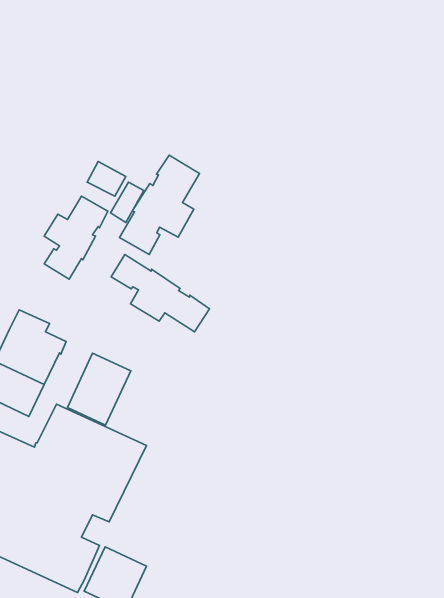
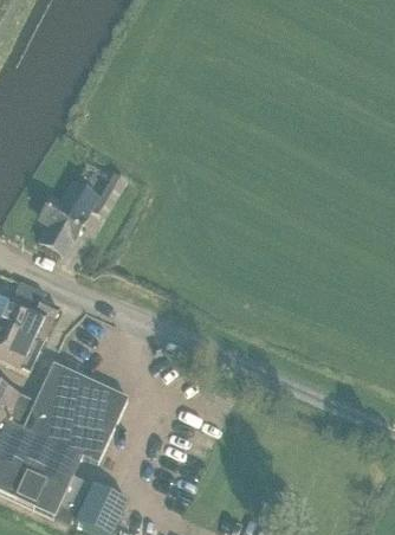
building: [120,155,200,254] -> none
building: [111,255,210,332] -> none
building: [67,353,131,425] -> none

